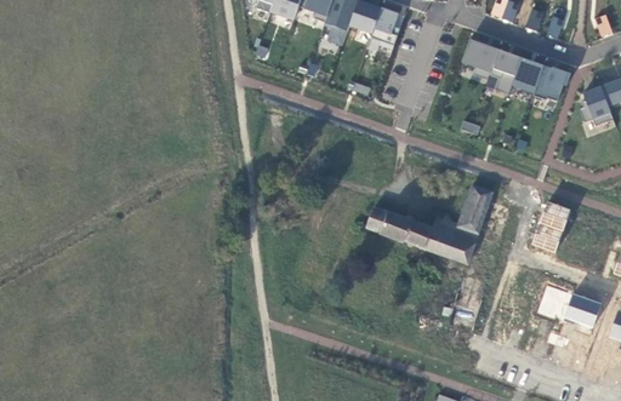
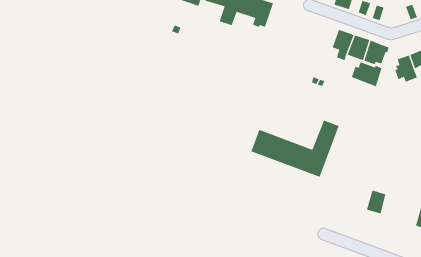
building: [462,40,498,81] -> none
building: none -> [351,62,382,87]
building: [532,200,570,252] -> none
building: [564,292,602,326] -> none

